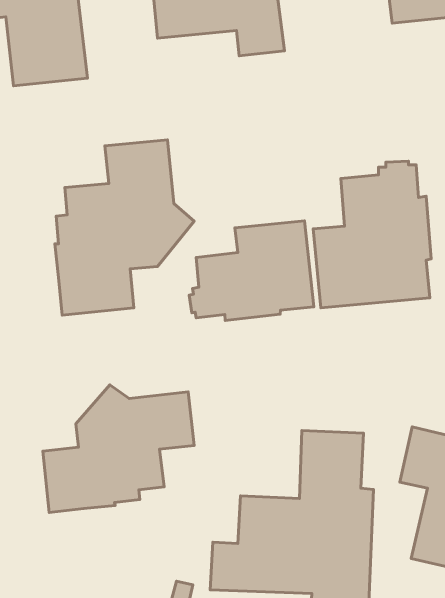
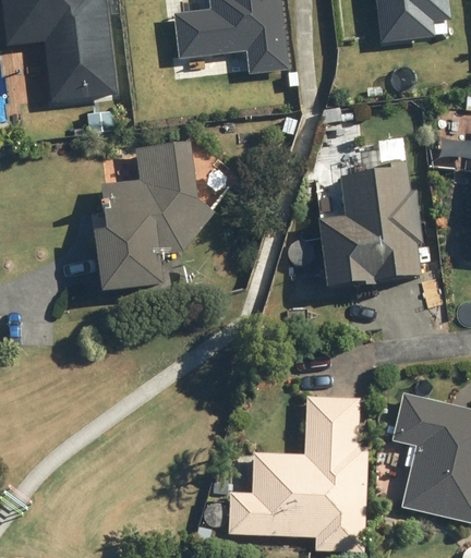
building: [189,221,314,321] -> none
building: [43,385,194,512] -> none

